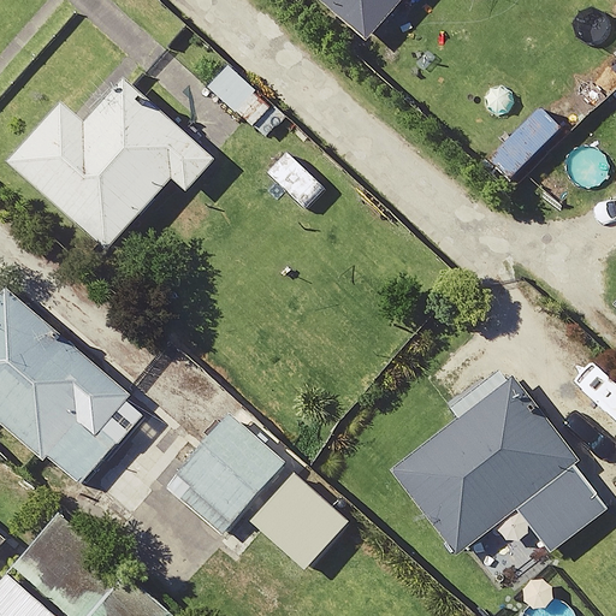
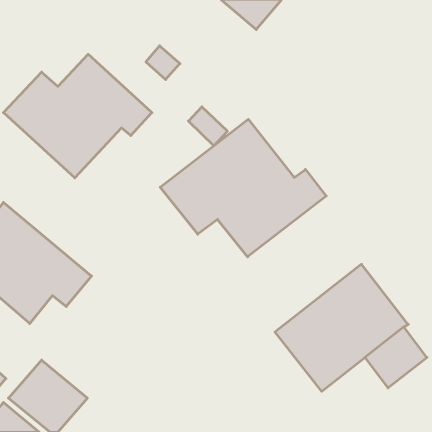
building: none -> [160,119,326,257]
building: [174,413,285,525] -> none
building: [250,474,348,570] -> none

